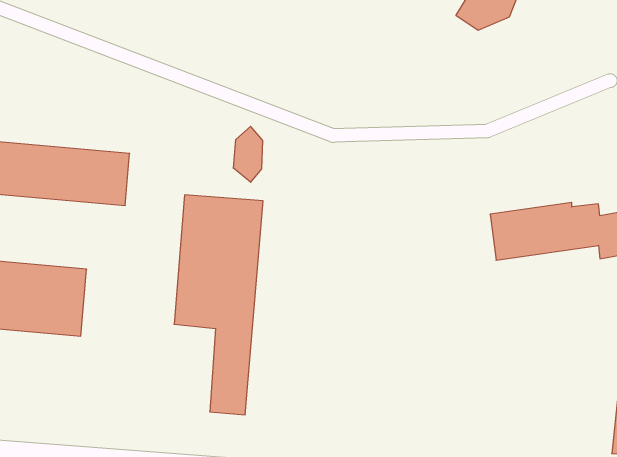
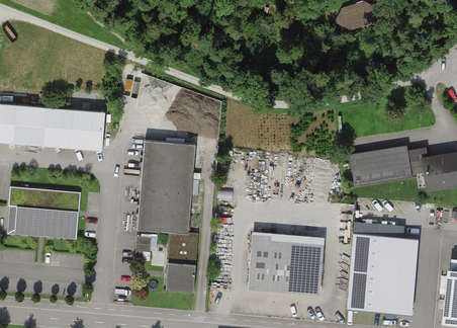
building: [233,126,263,182] -> none
building: none -> [345,231,417,311]
building: none -> [246,237,322,290]

